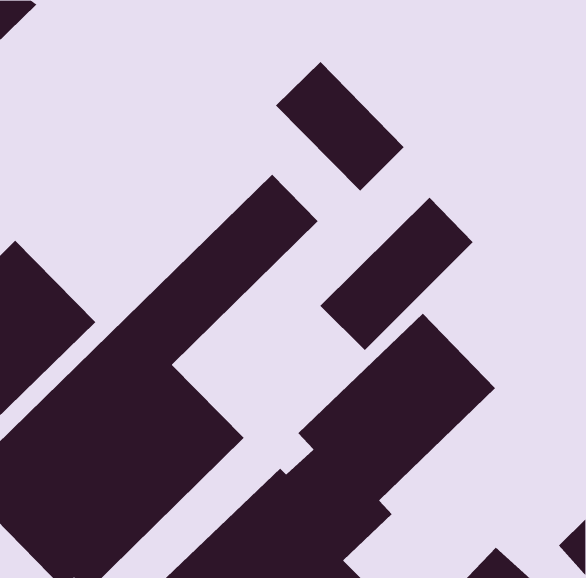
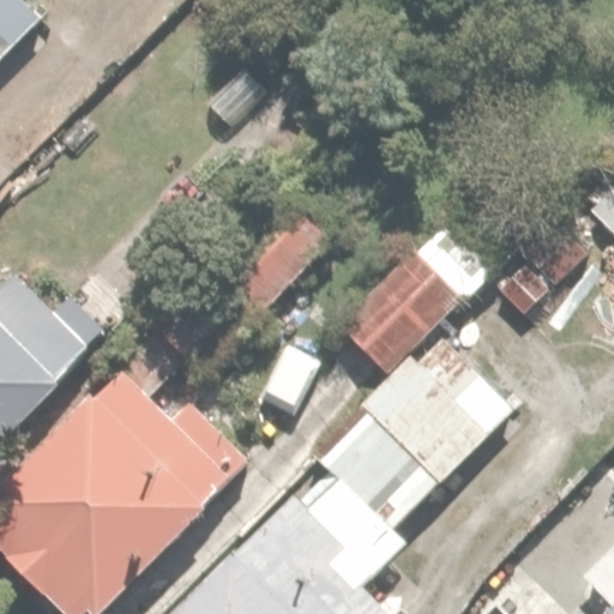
building: [275,61,404,191] -> none

